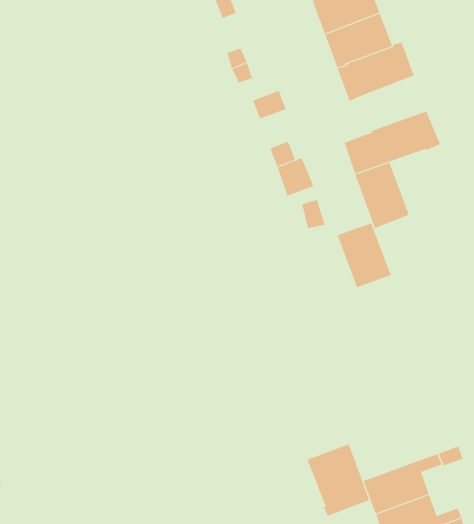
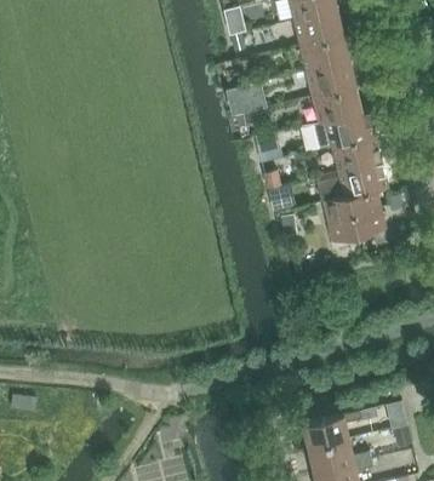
building: none -> [332,136,381,172]
building: [337,223,392,288] -> [349,190,386,236]
building: [307,443,370,517] -> none

